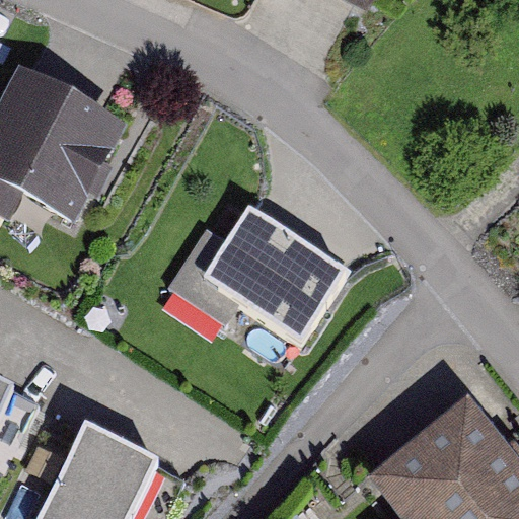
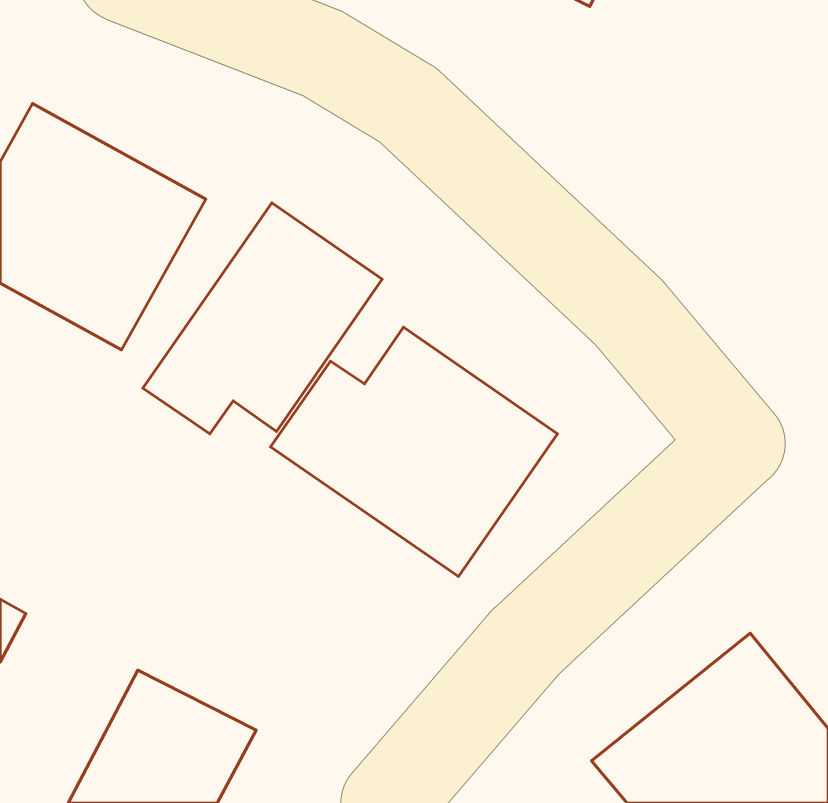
building: none -> [143,203,382,434]

